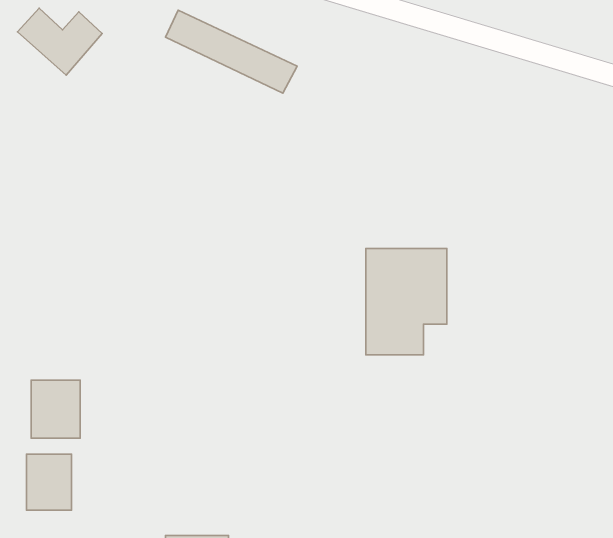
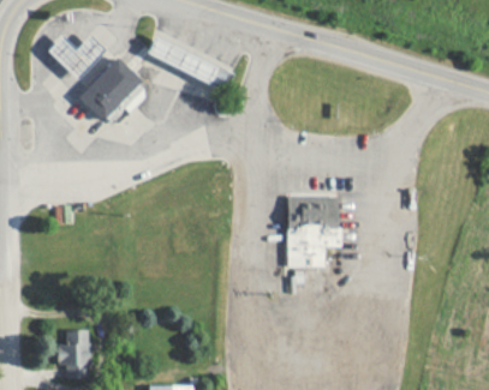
building: none -> [83,59,143,121]
building: [31,380,80,438] -> none

